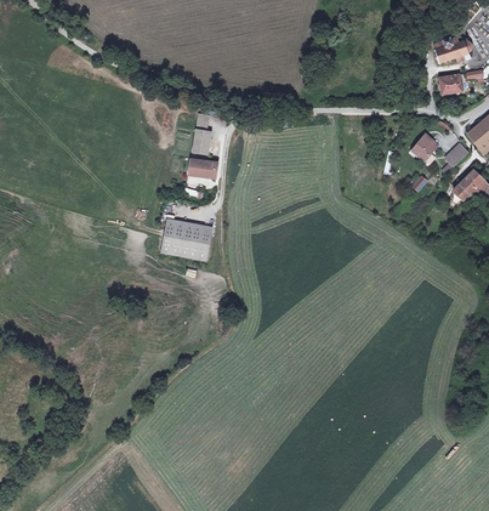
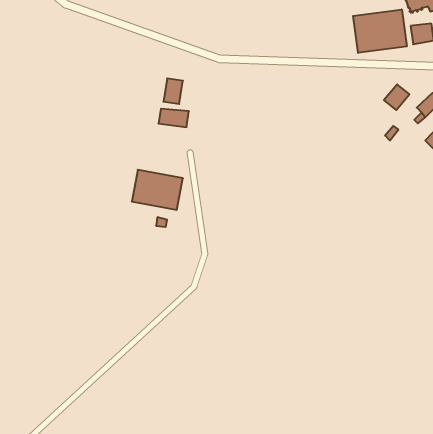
building: none -> [353,9,407,53]

